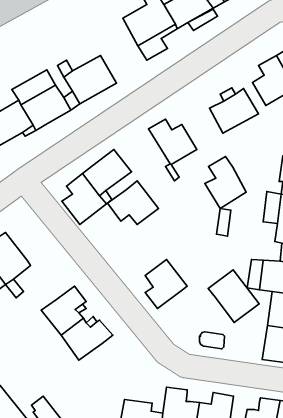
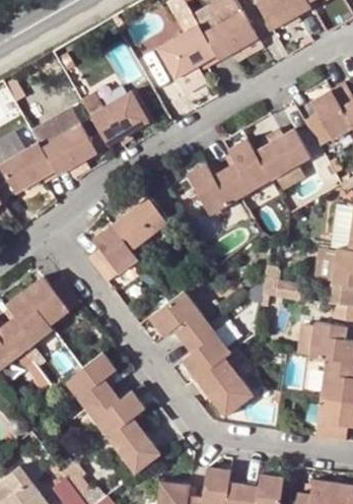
building: [205,157,246,208] -> [224,138,271,197]
building: [108,181,159,225] -> [149,291,207,340]
building: none -> [24,276,81,324]
building: [208,270,259,323] -> [197,357,255,417]
building: none -> [108,418,160,474]

